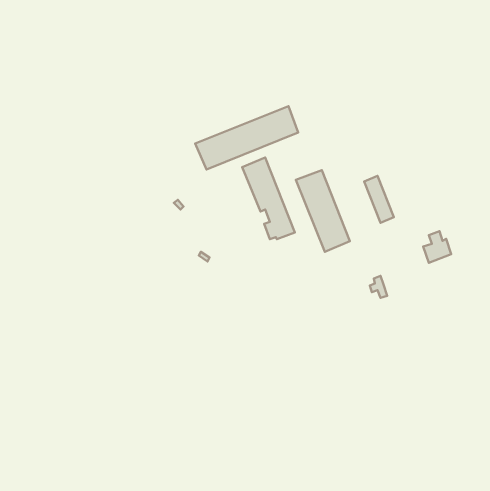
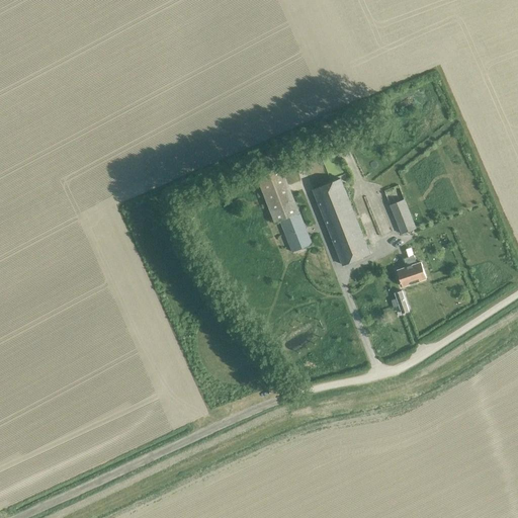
building: [195,106,298,169] -> none
building: [423,231,451,263] -> [396,254,425,287]

